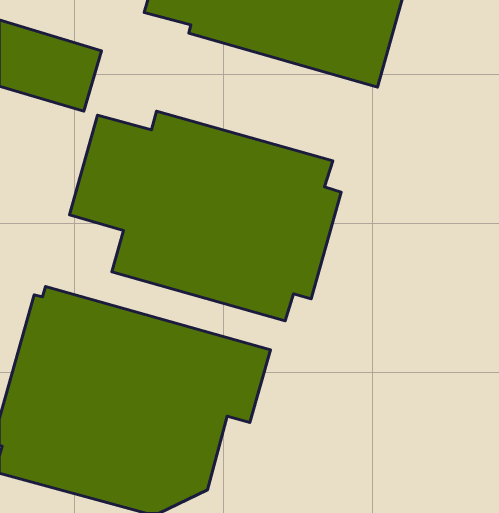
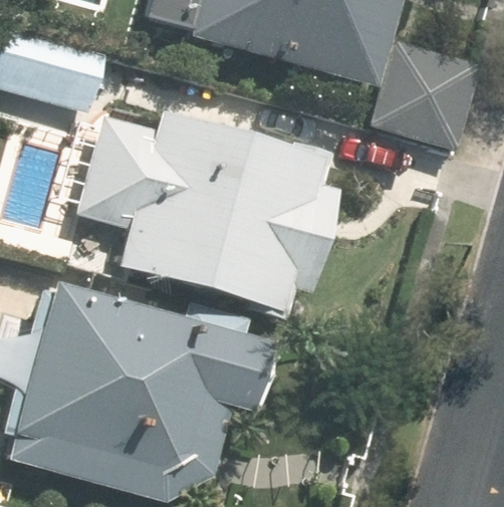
building: none -> [371,37,480,147]

